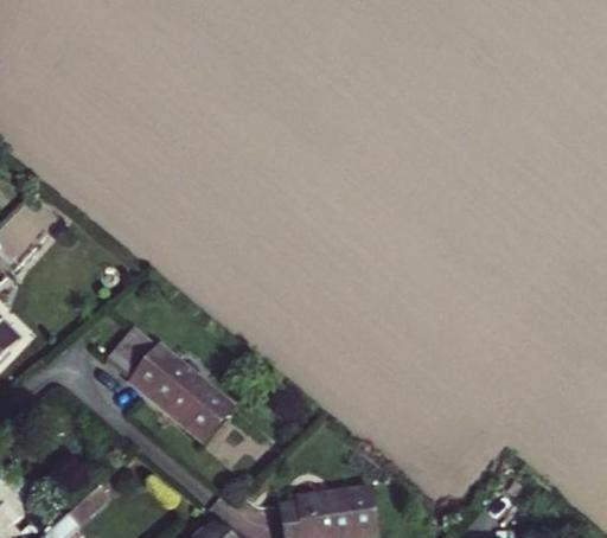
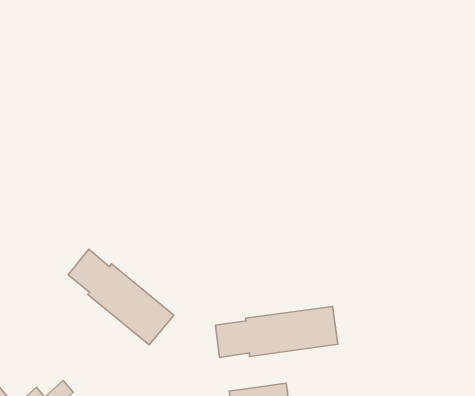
building: none -> [216,306,338,358]

